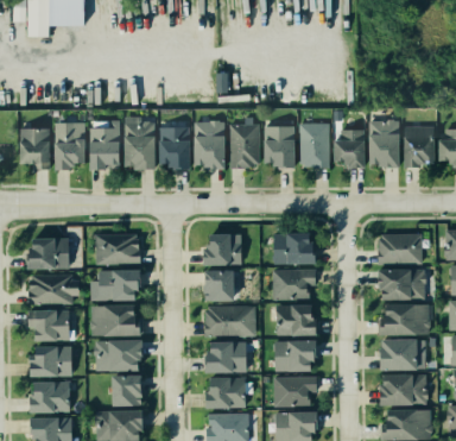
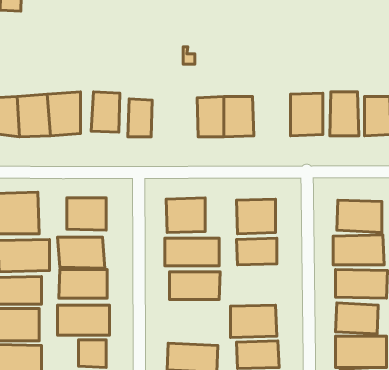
building: [194,116,227,164] -> none
building: [299,121,330,166] -> none
building: [276,304,315,335] -> none
building: [203,341,255,374] -> none

